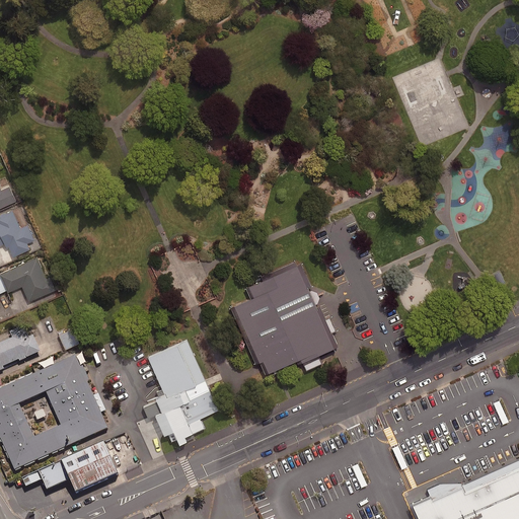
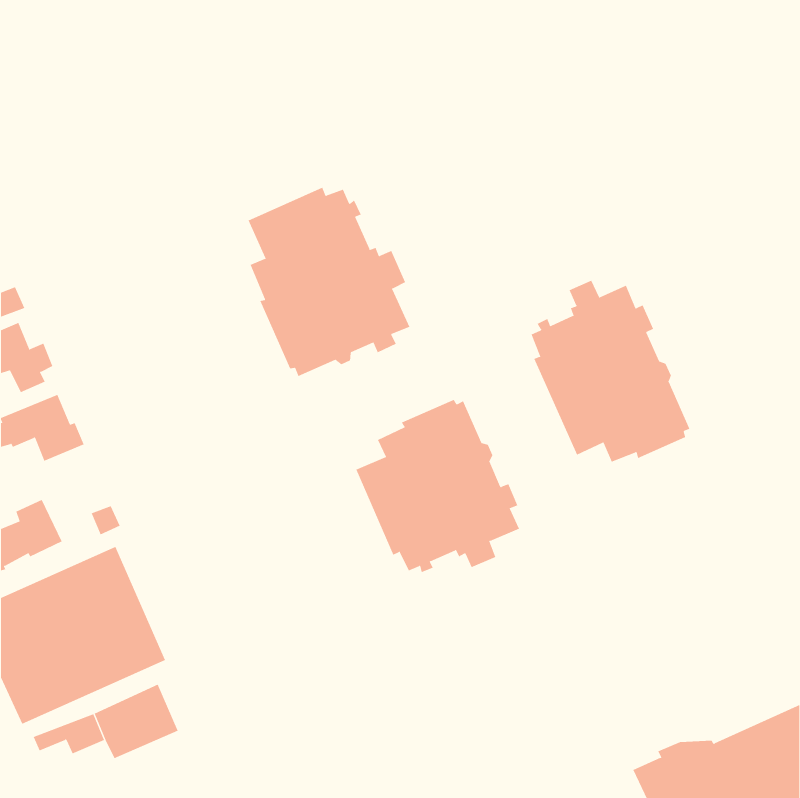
building: none -> [248,187,410,377]
building: none -> [531,280,690,463]
building: [144,341,216,443] -> none

